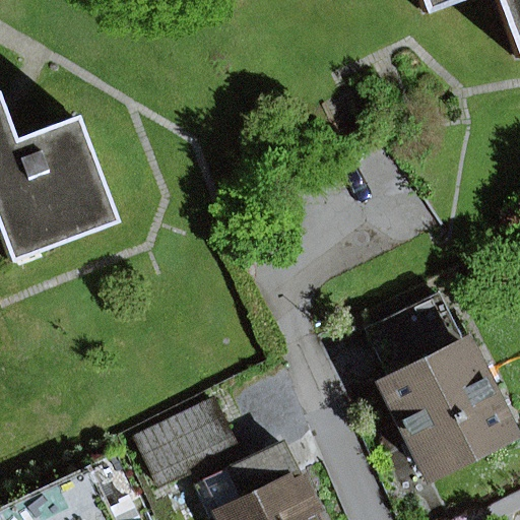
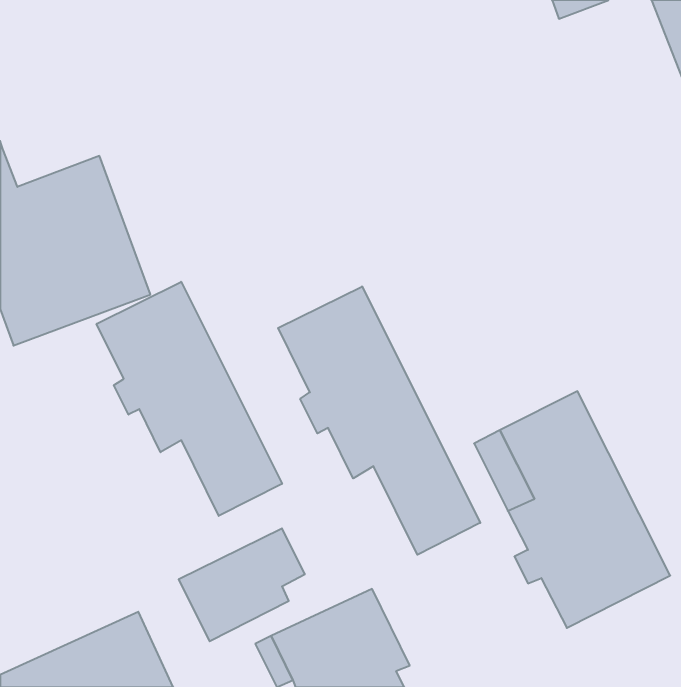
building: none -> [97,282,282,516]
building: none -> [278,286,480,555]

